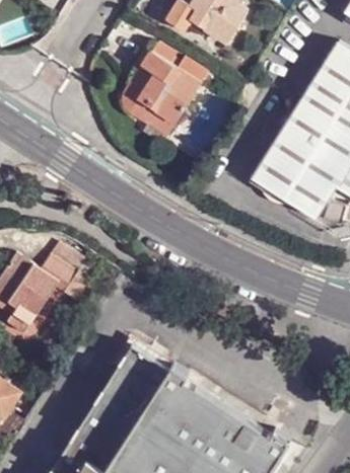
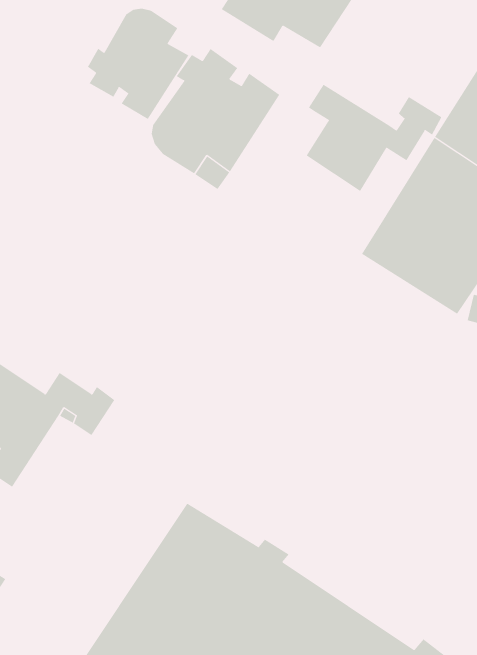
building: none -> [87,8,189,120]
building: none -> [306,84,442,192]

